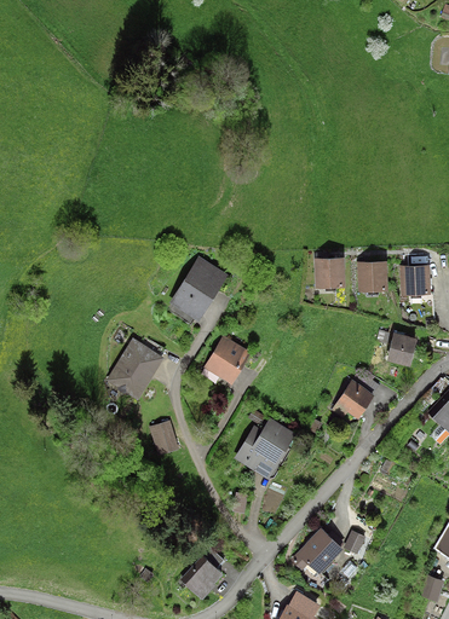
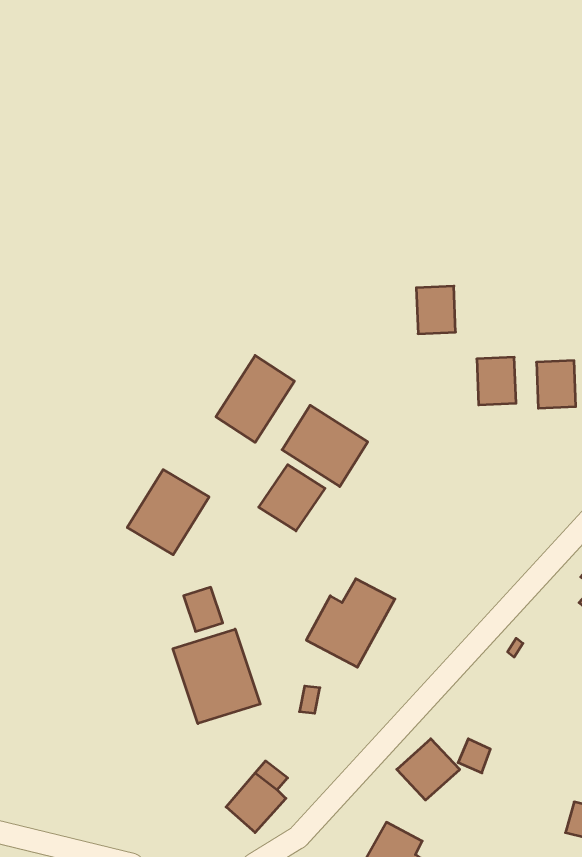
building: [313,255,341,289] -> [416,286,456,334]
building: none -> [282,405,368,487]
building: [385,329,415,361] -> none
building: [334,380,373,420] -> none
building: none -> [173,629,260,724]

